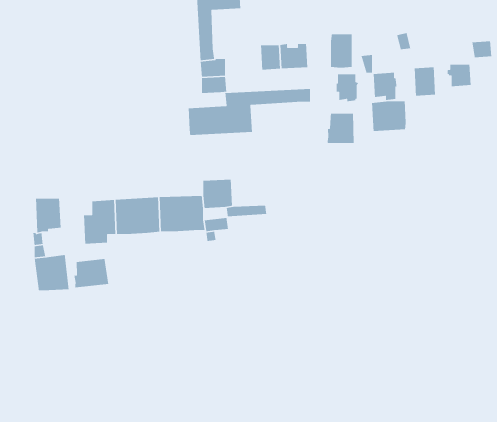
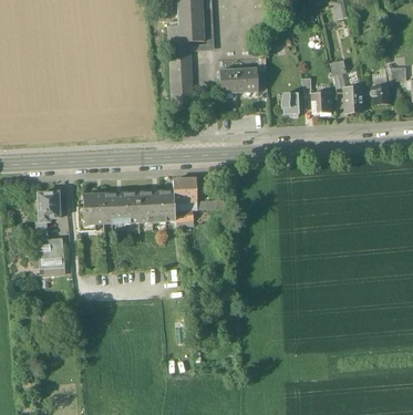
building: [330,33,353,68] -> none
building: [188,88,311,136] -> none
building: [371,100,407,132] -> none
building: [326,113,355,144] -> none
building: [74,258,109,288] -> none

